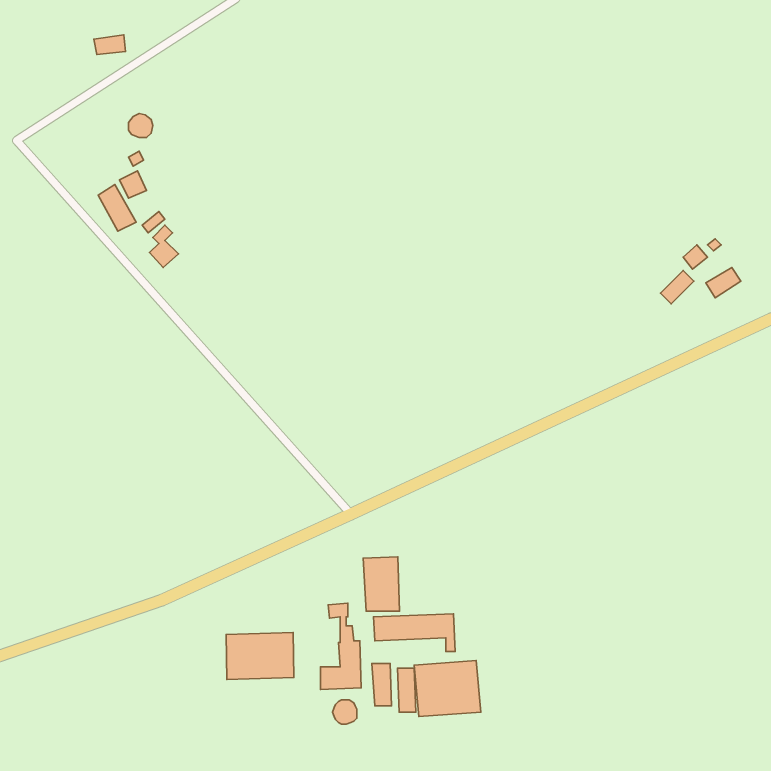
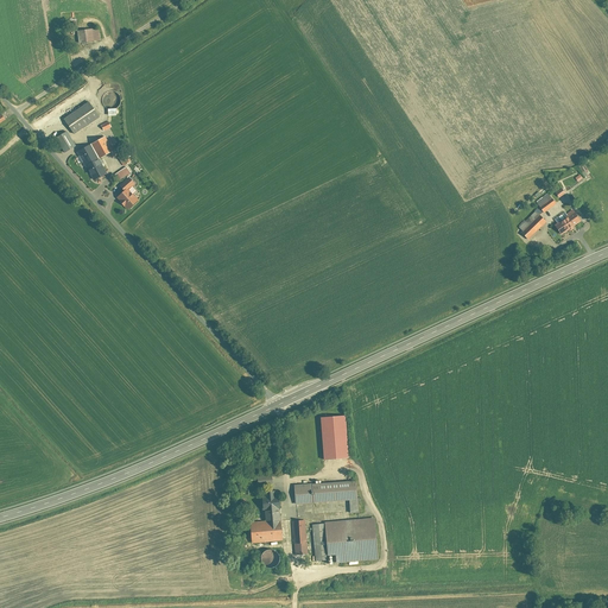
building: none -> [63,100,100,133]
building: [363,557,399,611] -> [321,417,349,460]
building: [226,632,294,680] -> none

